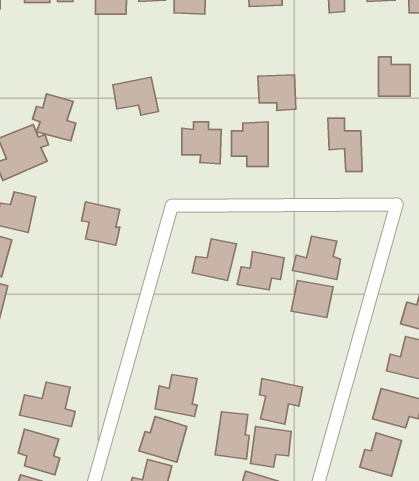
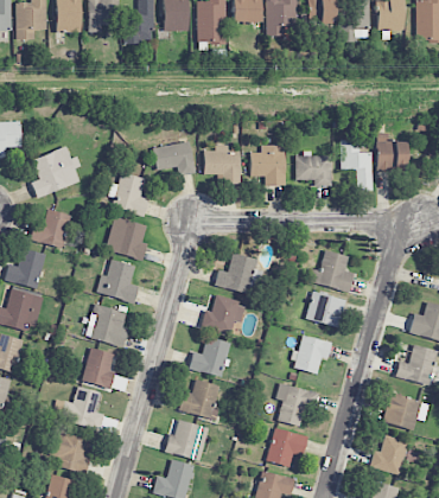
building: [379,57,410,96] -> [376,133,406,170]
building: [258,75,296,110] -> [295,153,331,186]
building: [113,77,159,115] -> [153,140,196,175]
building: [33,94,76,141] -> [108,171,148,215]
building: none -> [96,258,138,301]
building: [237,252,284,290] -> [201,295,244,331]
building: none -> [87,302,128,346]
building: none -> [292,333,331,374]
building: none -> [187,336,230,377]
building: none -> [83,347,114,387]
building: [215,412,249,459] -> none

